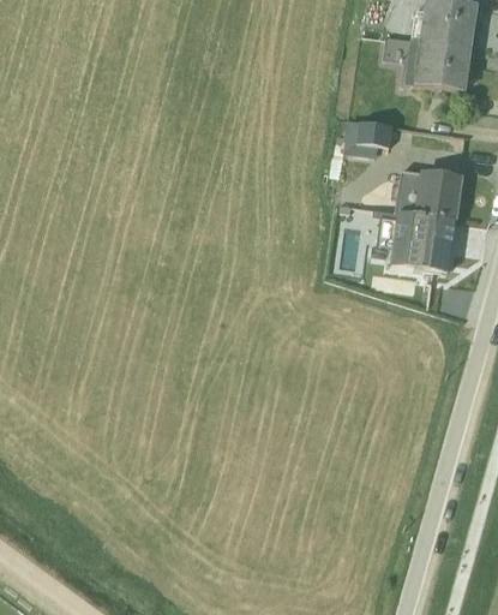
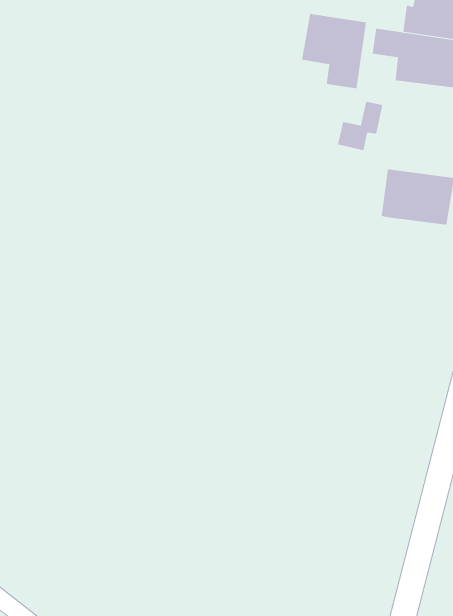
building: none -> [301,13,367,89]
building: [378,211,456,271] -> none

